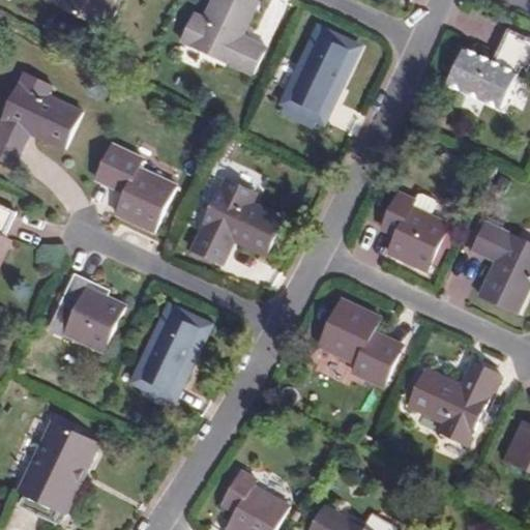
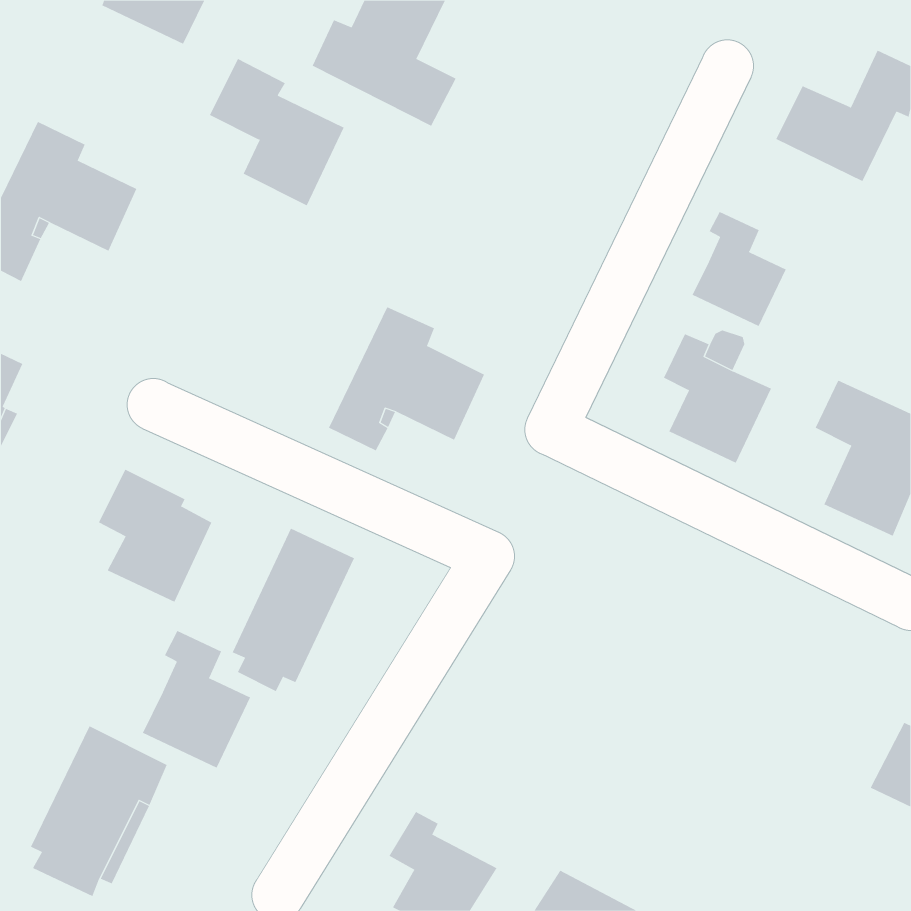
building: [285,30,354,124] -> none
building: none -> [692,211,787,327]
building: [94,144,173,230] -> [209,58,345,206]
building: [320,300,400,384] -> none
building: [409,359,500,444] -> none
building: none -> [142,630,251,768]

